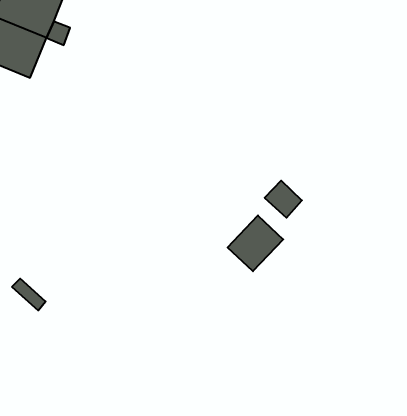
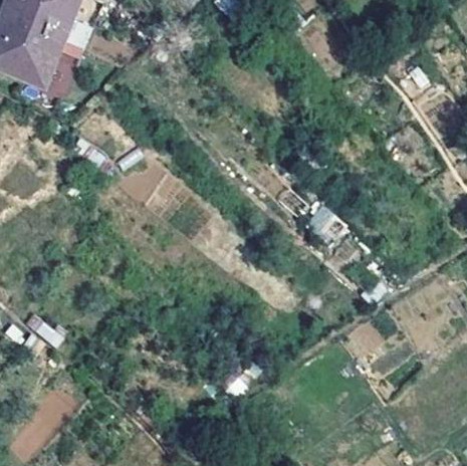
building: [228,215,283,271] -> none

